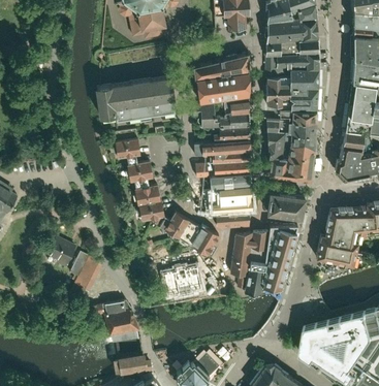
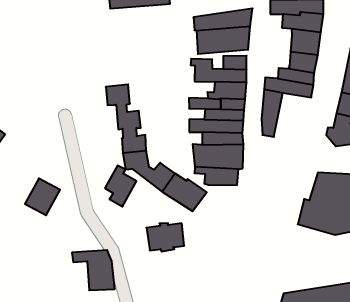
building: [94,76,176,119] -> none
building: [267,76,291,106] -> none
building: [282,133,315,179] -> none
building: [266,196,301,219] -> none
building: [229,228,296,296] -> none
building: [71,252,101,291] -> [105,166,136,207]

